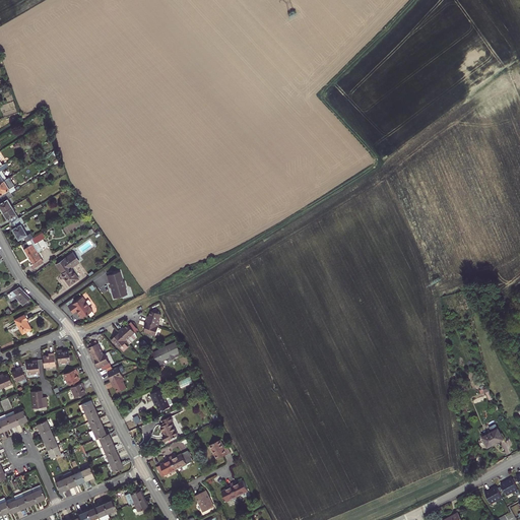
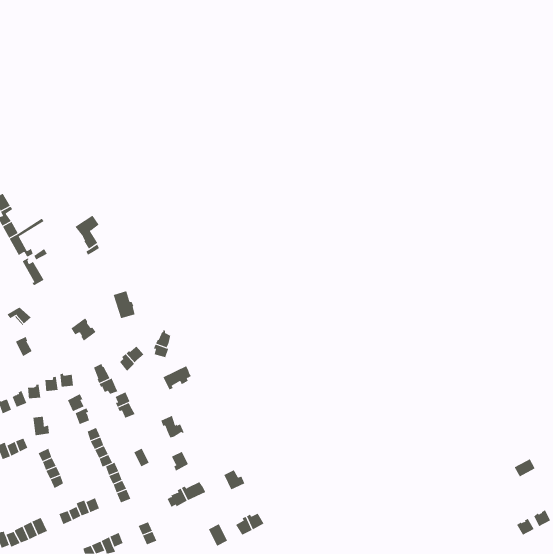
building: [55,253,78,285] -> [74,215,99,249]

